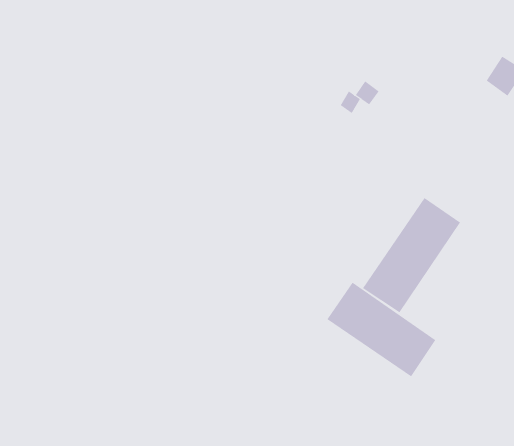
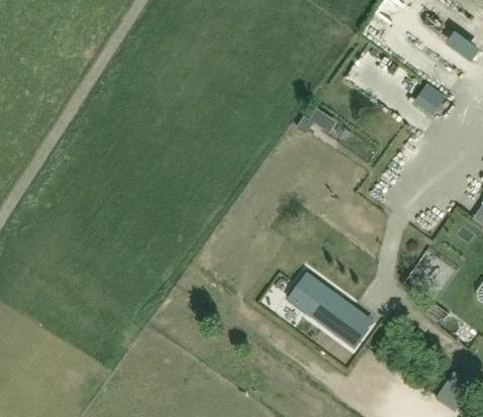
building: [362,197,461,313] -> none

